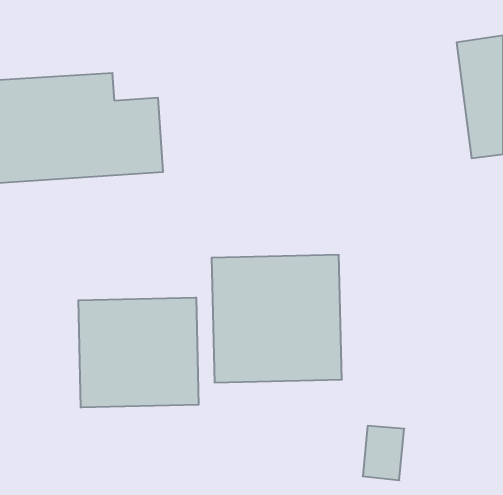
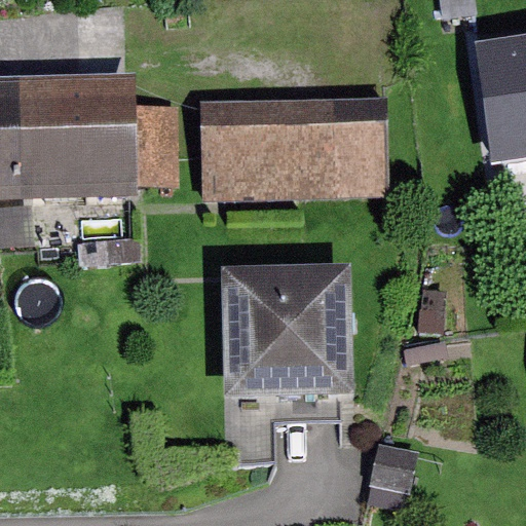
building: none -> [201,98,387,199]
building: [78,297,199,408] -> none

